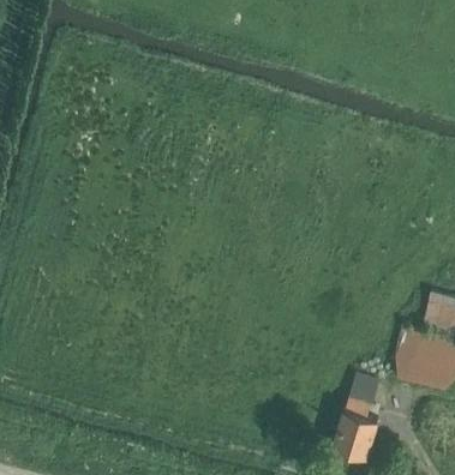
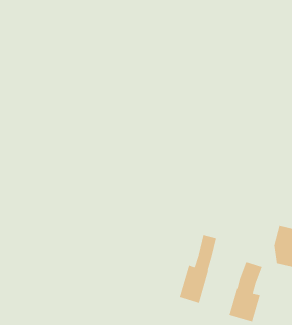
building: none -> [179,234,217,304]

